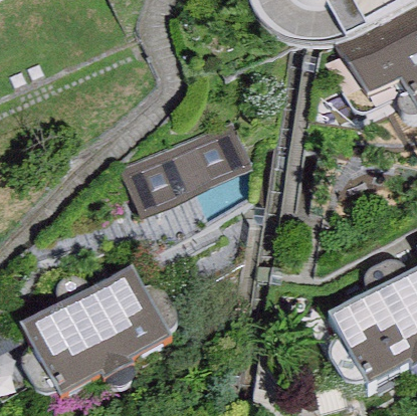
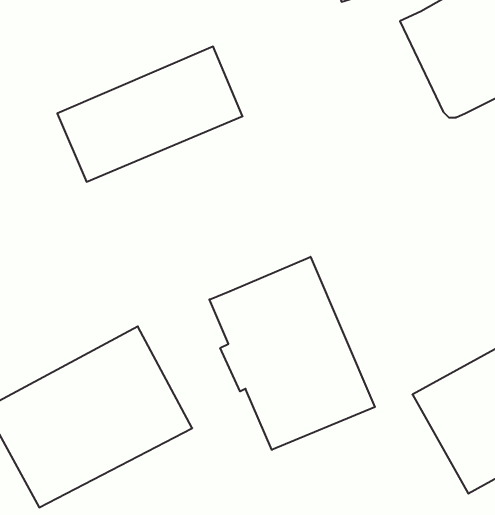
building: [123,119,256,216] -> [57,47,243,182]
building: none -> [209,257,375,450]

